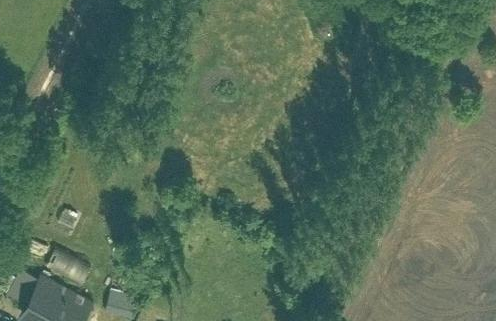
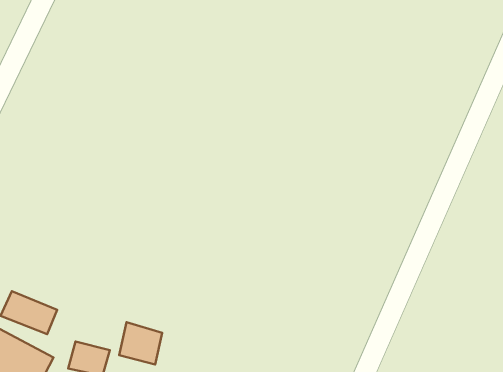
building: none -> [119,322,162,364]

